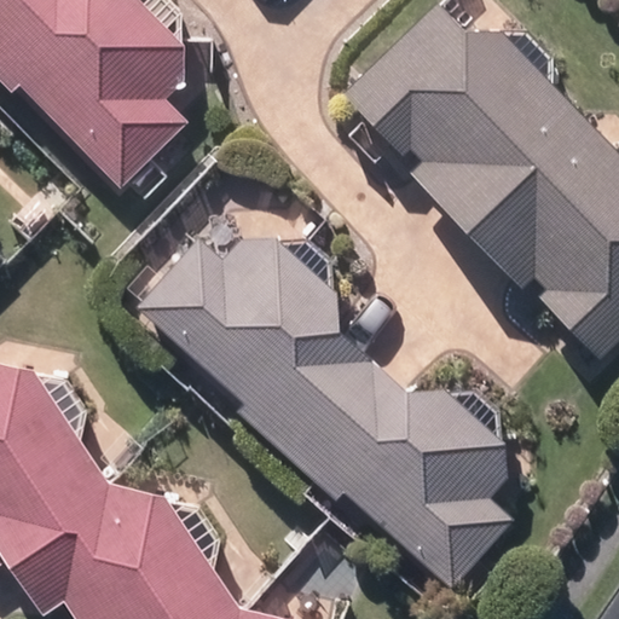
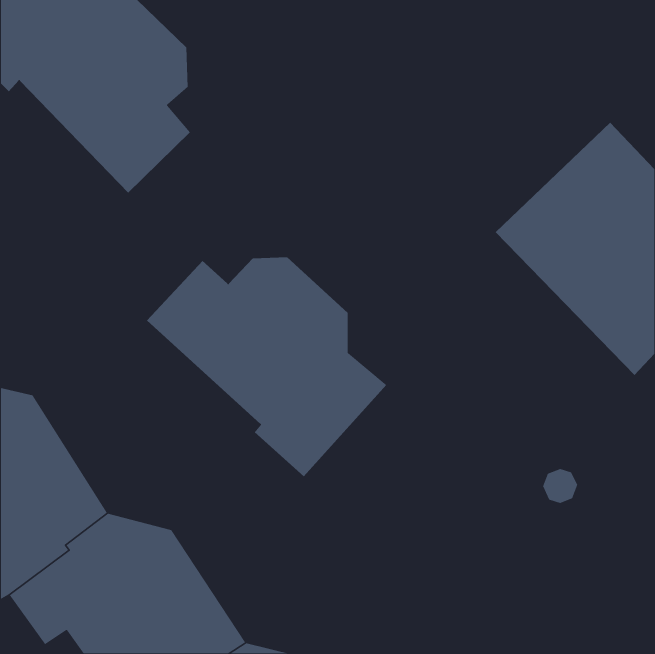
building: [347,10,575,219] -> none
building: [287,363,513,585] -> none

